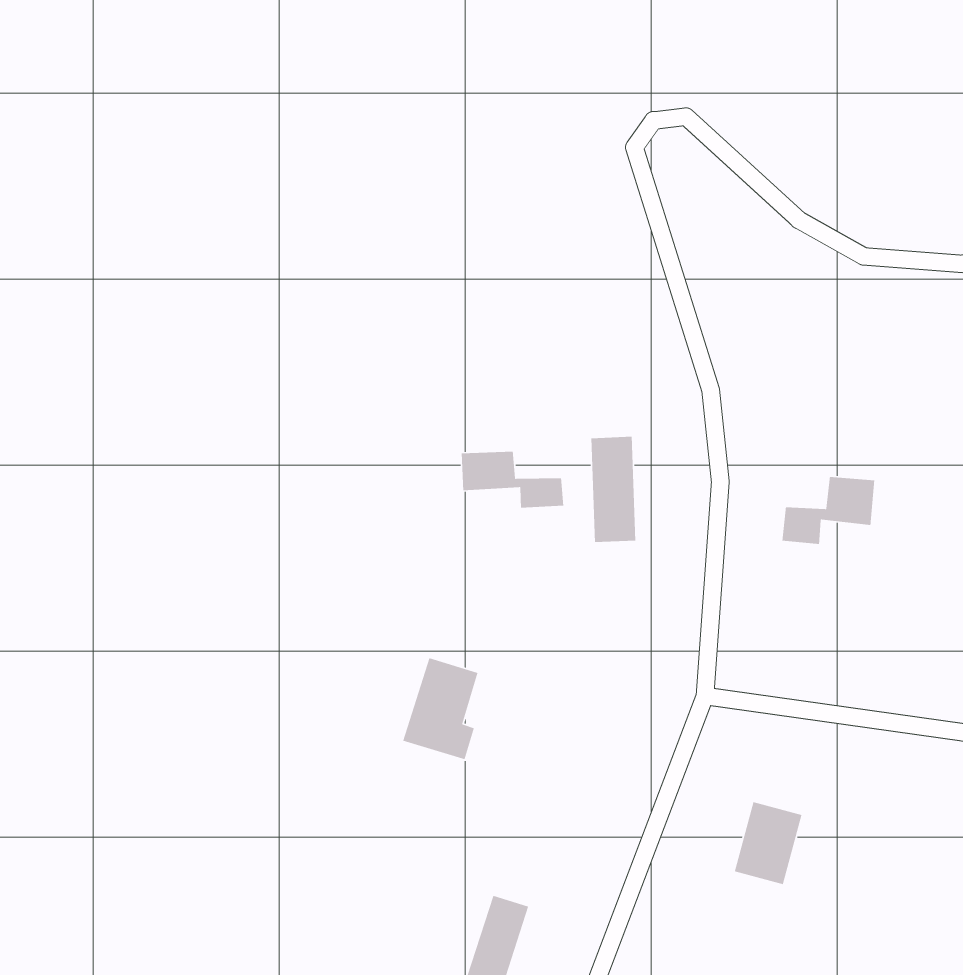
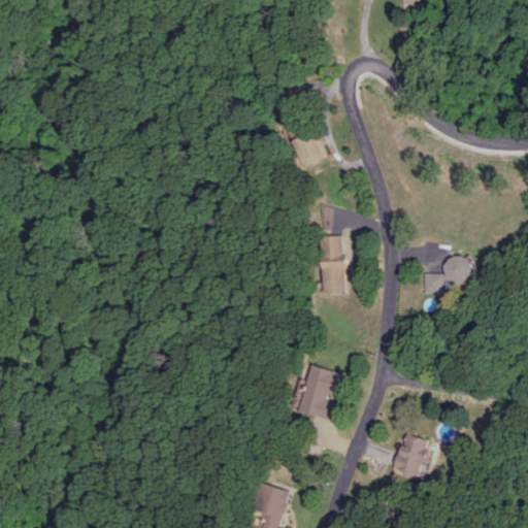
building: [461,451,564,508] -> none
building: [402,657,479,760] -> [294,365,335,421]

